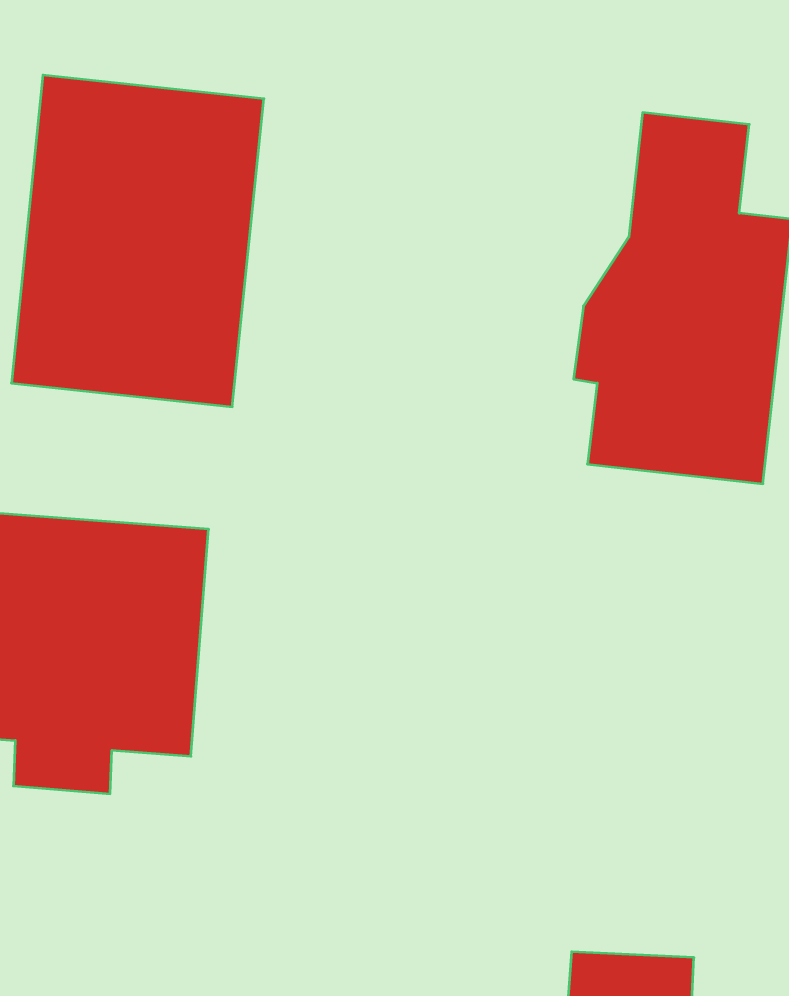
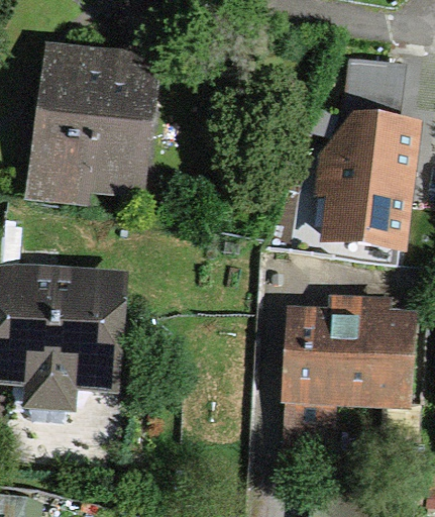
building: none -> [282,294,417,460]

